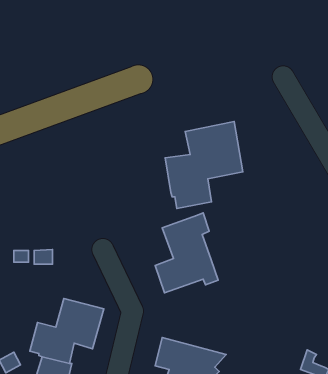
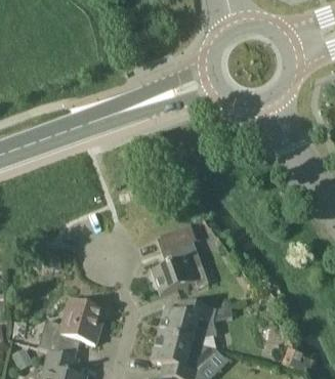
building: [165,122,243,208] -> none
building: none -> [158,300,216,350]

